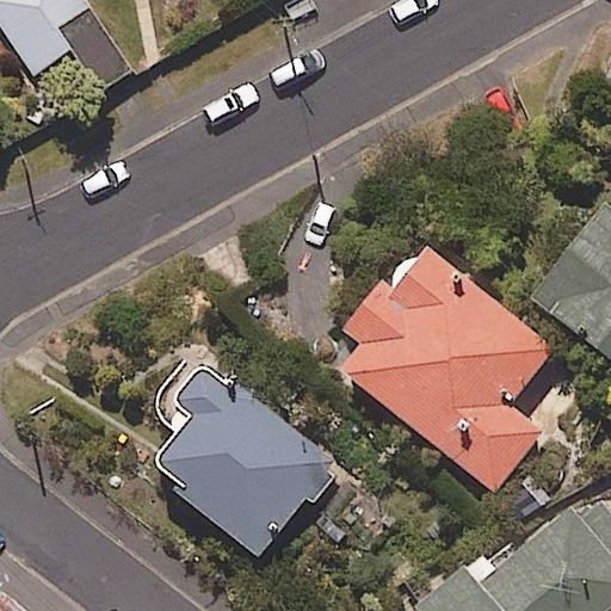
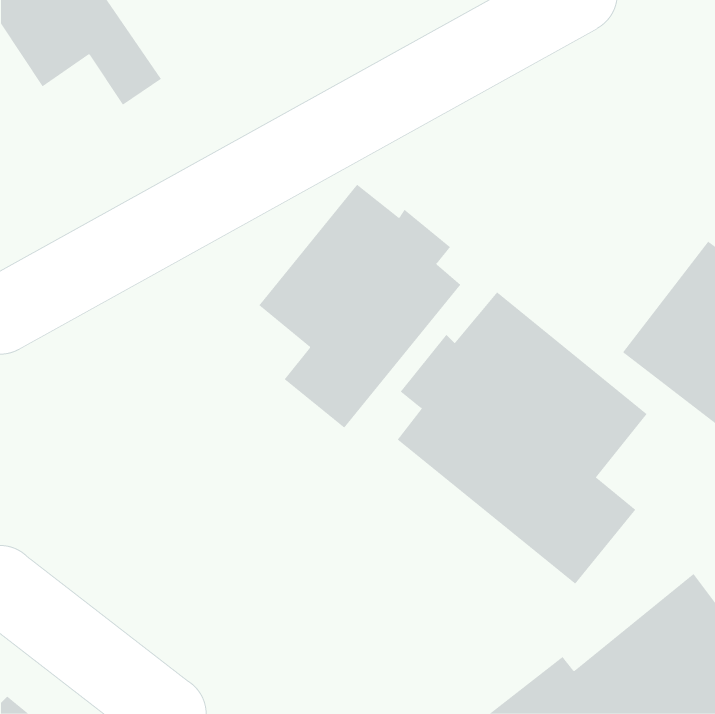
building: none -> [259,184,461,429]
building: [150,359,334,556] -> none

